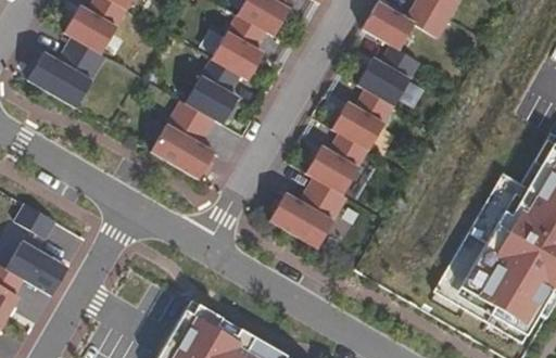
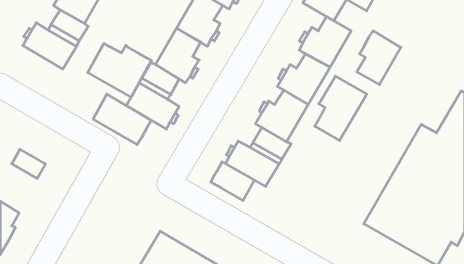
building: none -> [357,31,401,85]
building: none -> [88,44,152,97]
building: none -> [315,76,367,141]
building: none -> [93,94,151,145]
building: none -> [211,162,255,201]
building: [5,241,67,295] -> none

